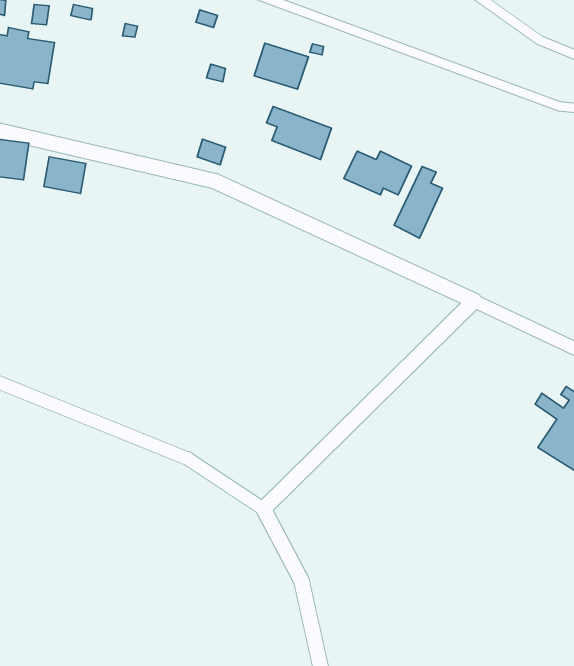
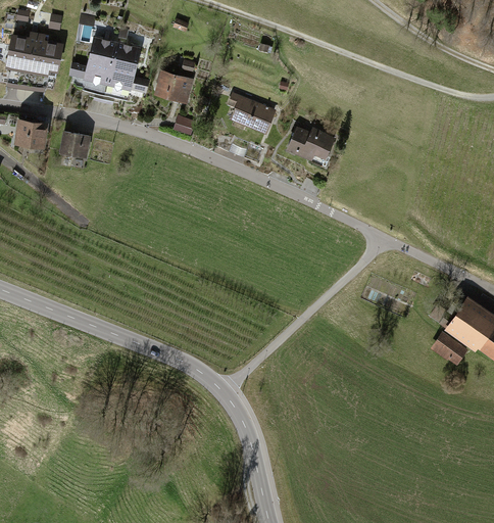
building: none -> [68,37,150,95]
building: [254,43,308,89] -> [152,69,193,104]
building: [394,166,442,238] -> none

